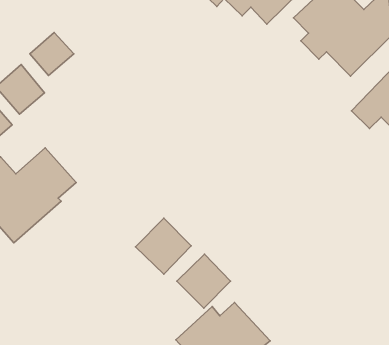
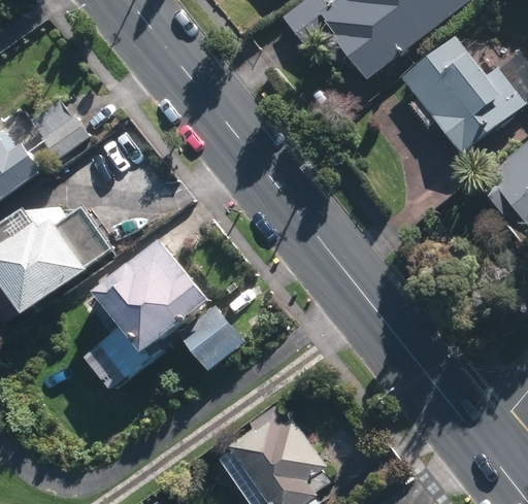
building: [30,32,74,76] -> none
building: none -> [84,237,216,389]
building: [177,254,231,308] -> none

